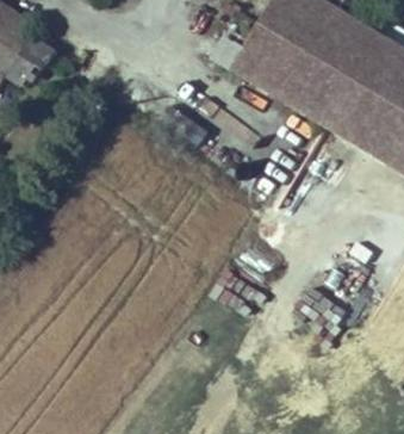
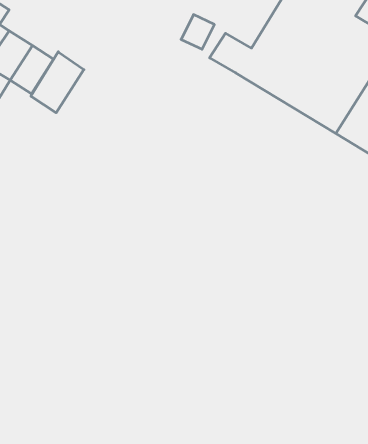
building: none -> [31,52,84,113]

